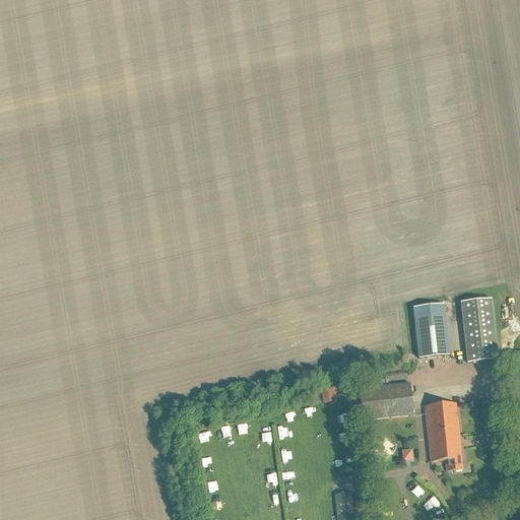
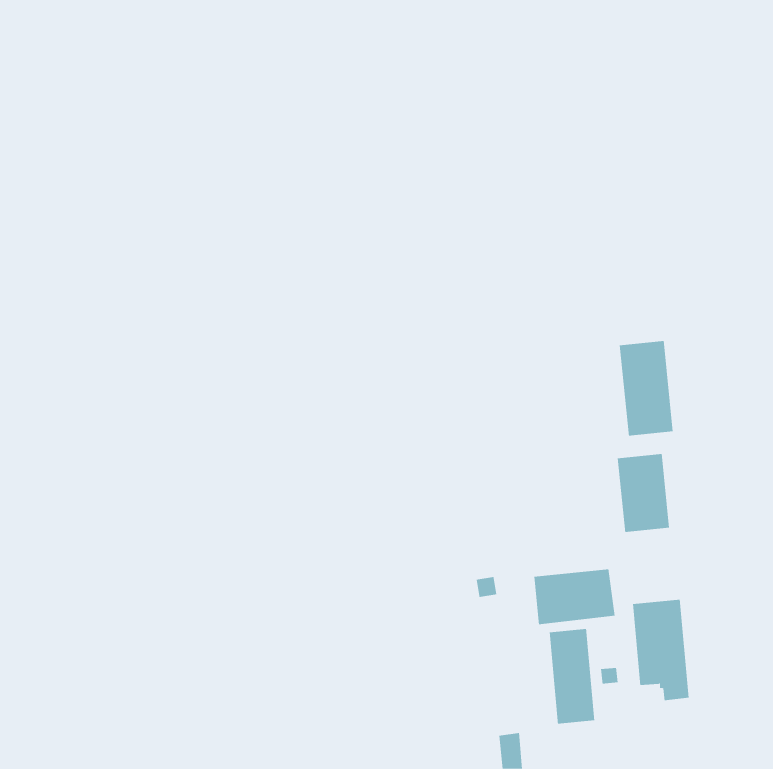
building: [460,297,497,361] -> [619,341,674,436]
building: none -> [549,628,595,725]

